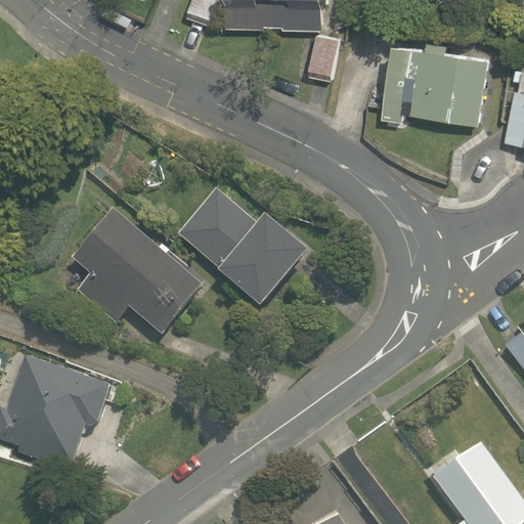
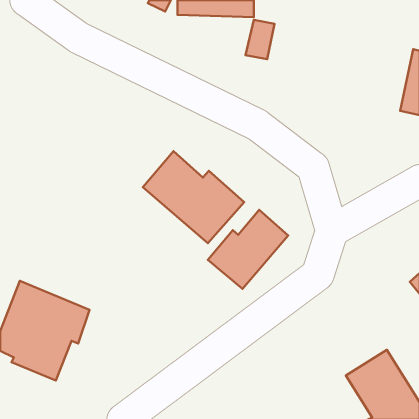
building: [382,41,486,123] -> none
building: [71,211,202,336] -> none
building: none -> [208,210,288,289]

